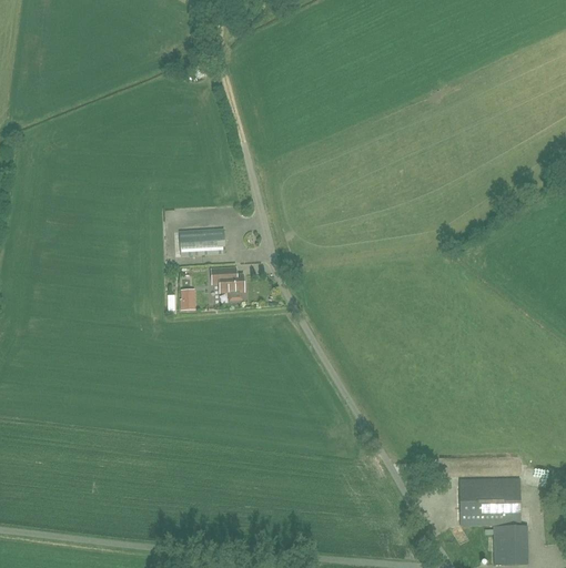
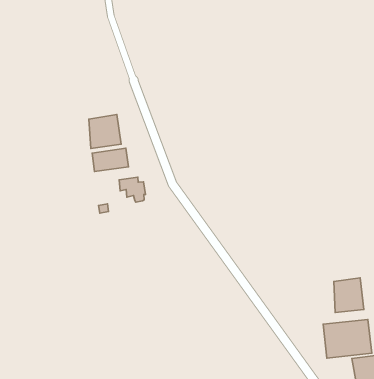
building: none -> [89,114,121,148]
building: none -> [334,278,364,313]

